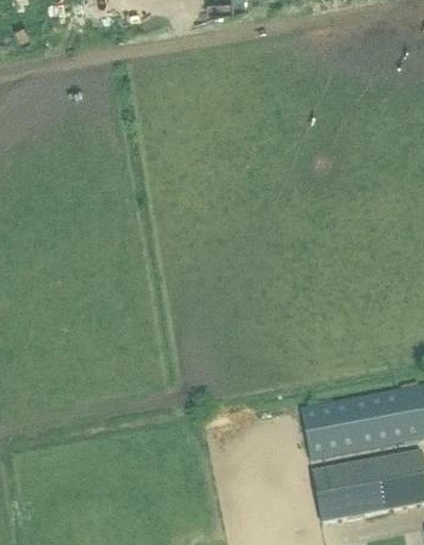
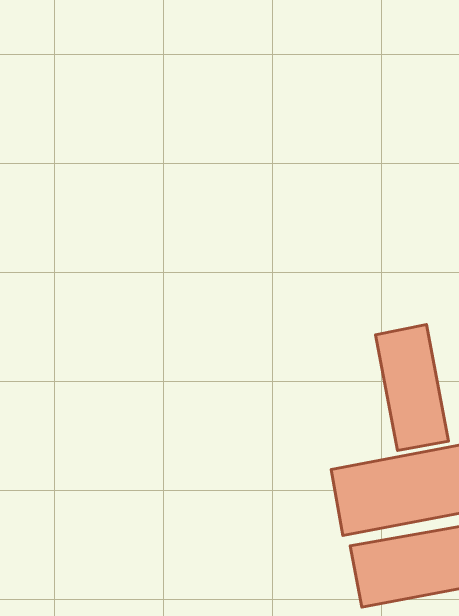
building: none -> [376,325,449,450]

